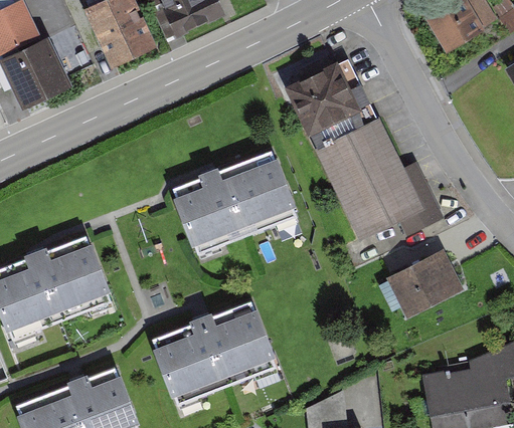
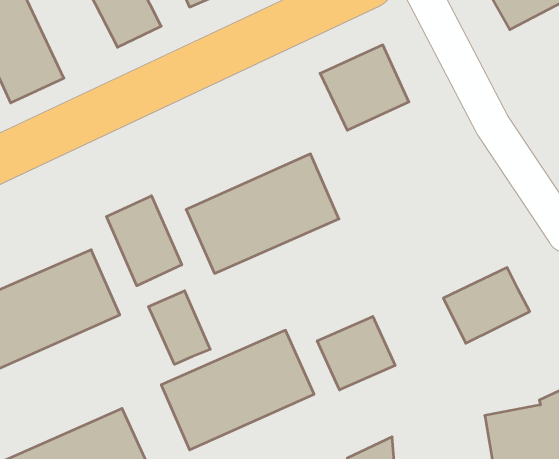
building: [312,119,441,239] -> none
building: none -> [106,196,182,286]
building: none -> [148,291,210,364]
building: none -> [317,316,395,390]

